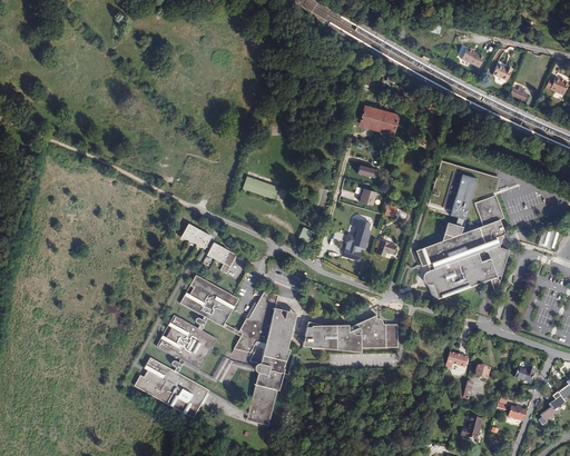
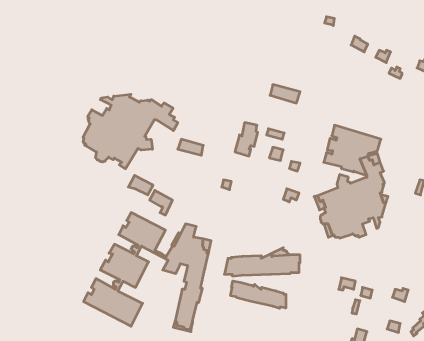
building: none -> [83,94,178,169]
building: [343,218,372,260] -> [235,123,258,156]
building: none -> [231,281,286,308]

